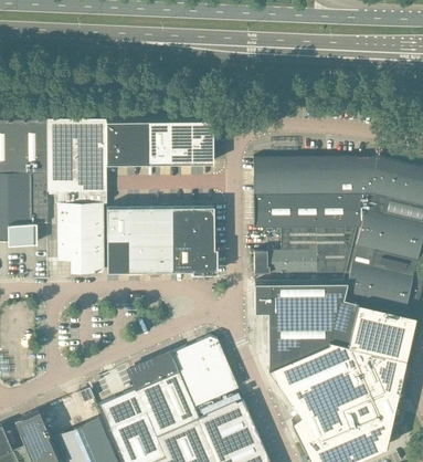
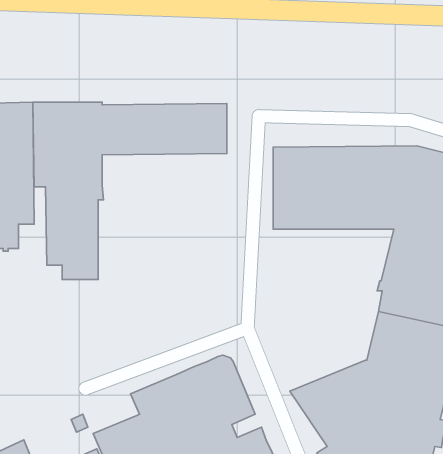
building: [107,207,216,274] -> none
building: [254,229,357,274] -> none
building: [254,282,347,368] -> none

